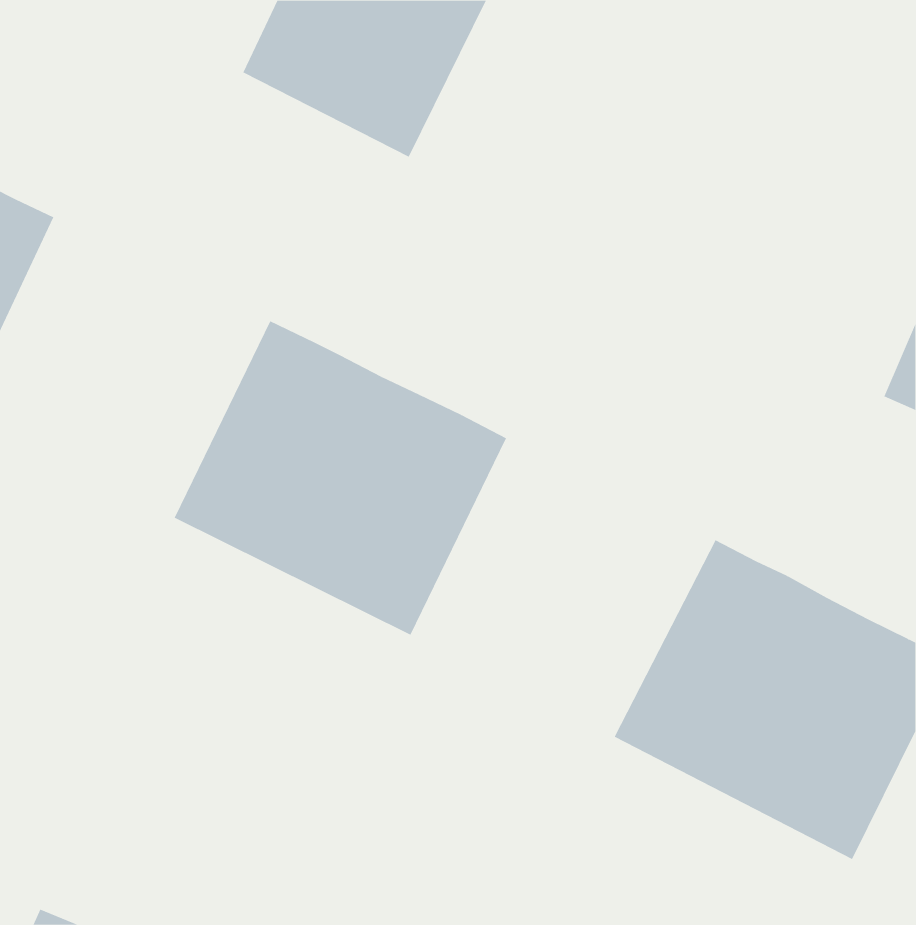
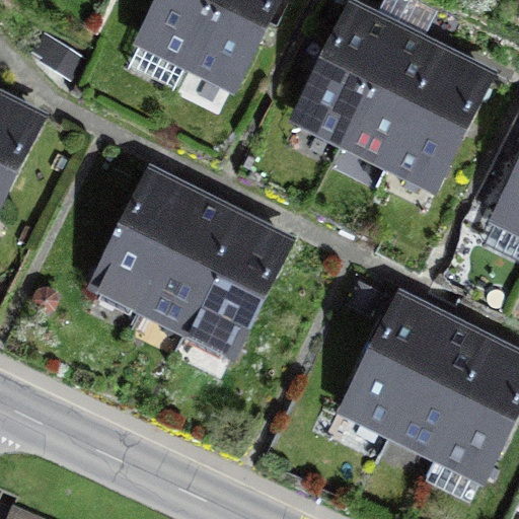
building: none -> [294,11,485,190]

